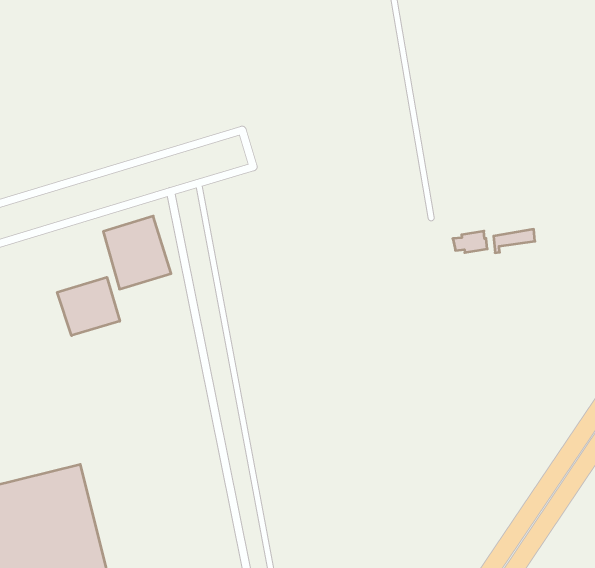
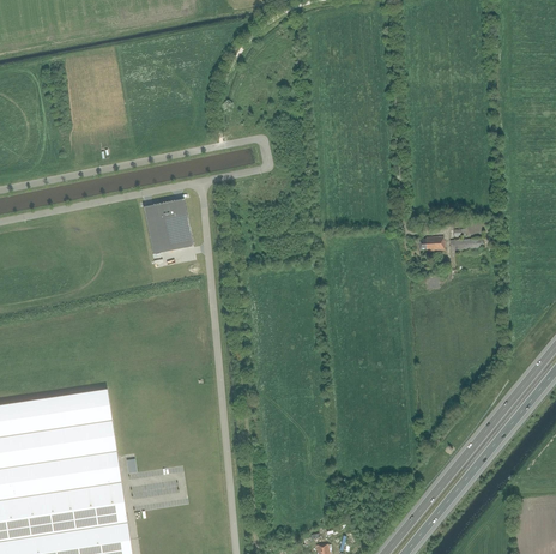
building: [57,277,120,336] -> none

